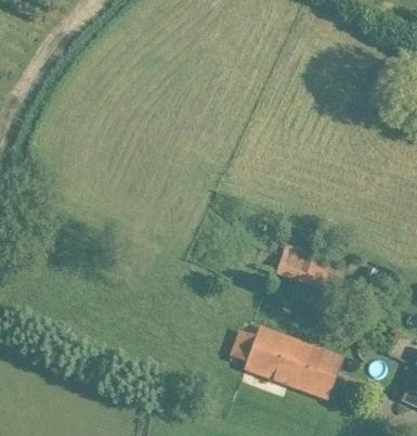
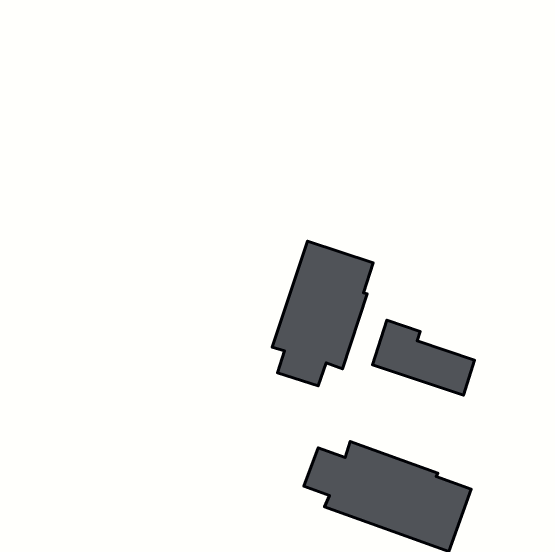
building: none -> [272,241,373,386]

